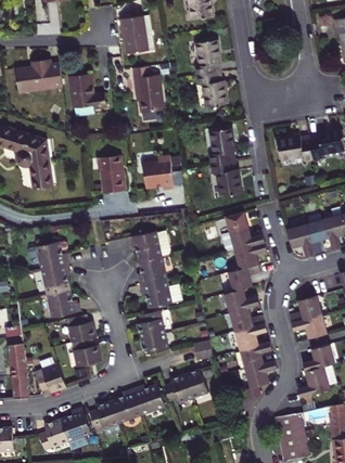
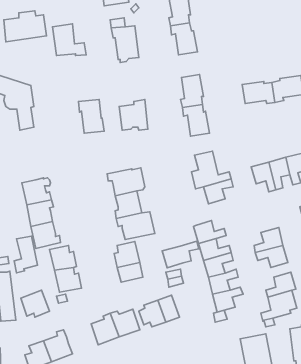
building: [220,263,260,293] -> [162,241,199,268]
building: none -> [14,236,38,273]
building: [89,400,120,436] -> none

